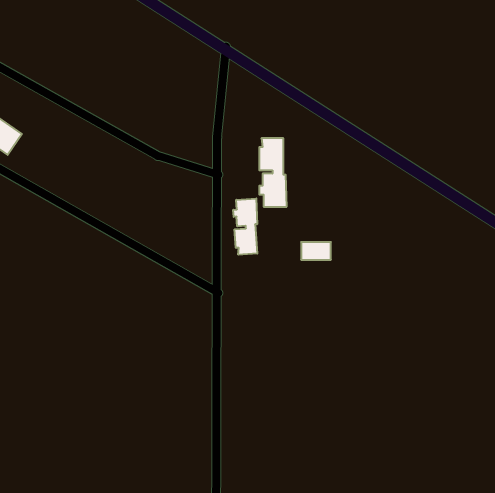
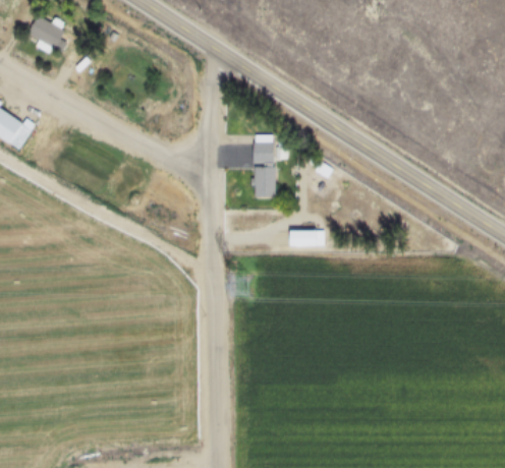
building: none -> [27,16,68,54]
building: [233,198,257,255] -> none

